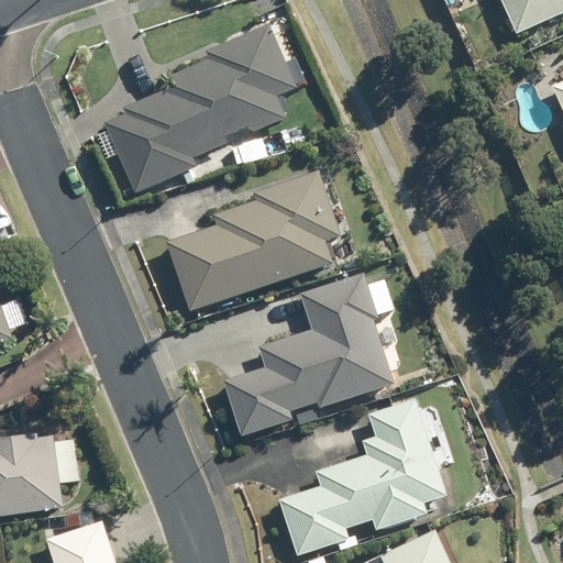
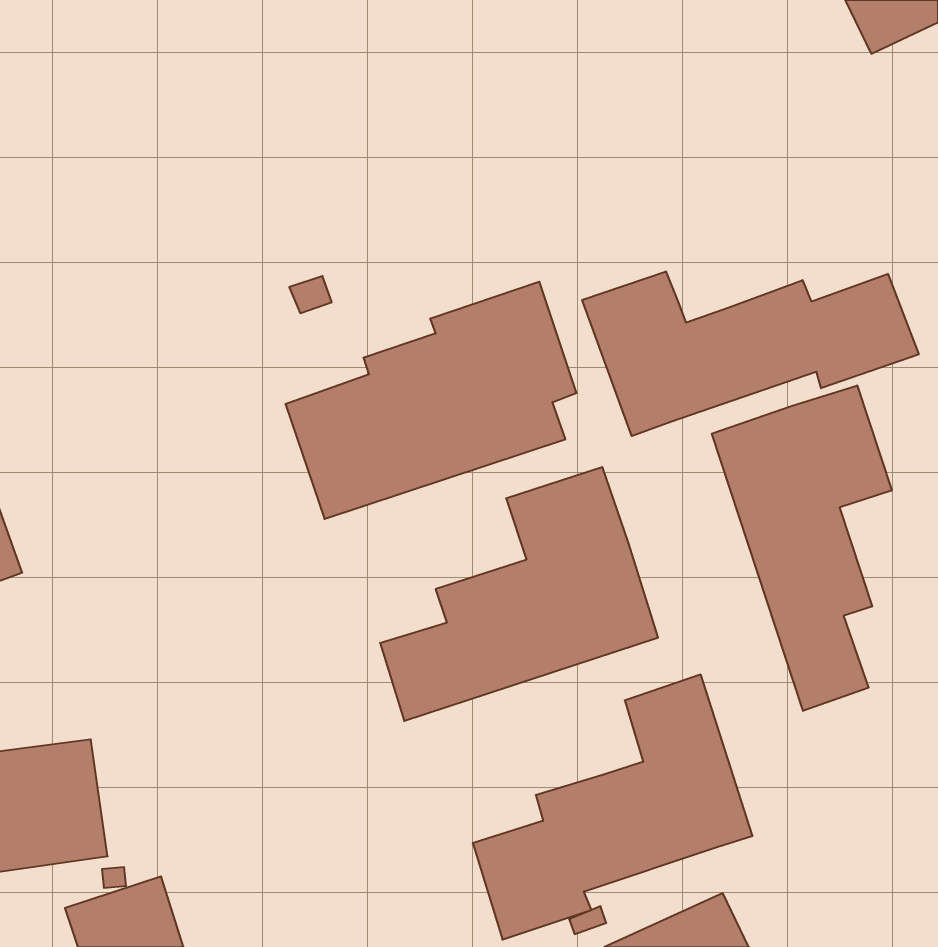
building: [121,23,294,158] -> none
building: none -> [582,271,919,436]
building: none -> [712,385,892,711]

